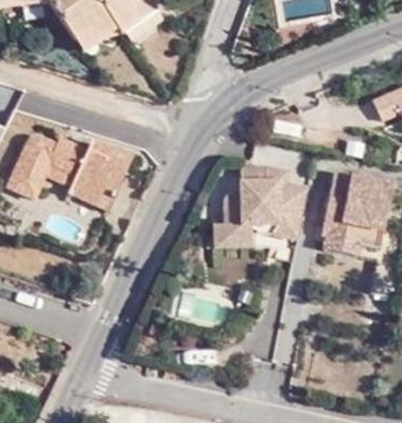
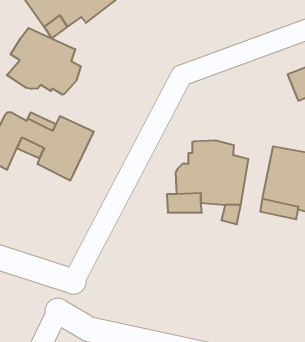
building: none -> [7,28,81,95]

